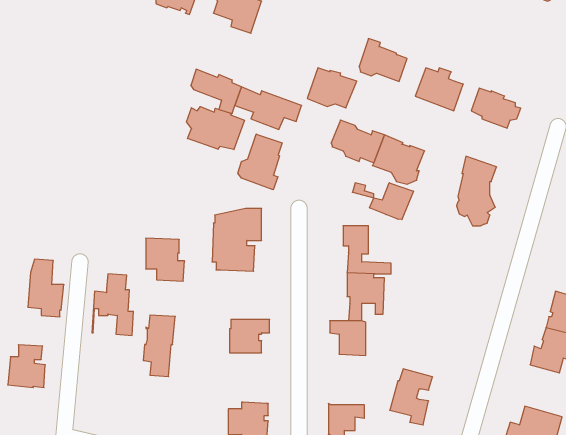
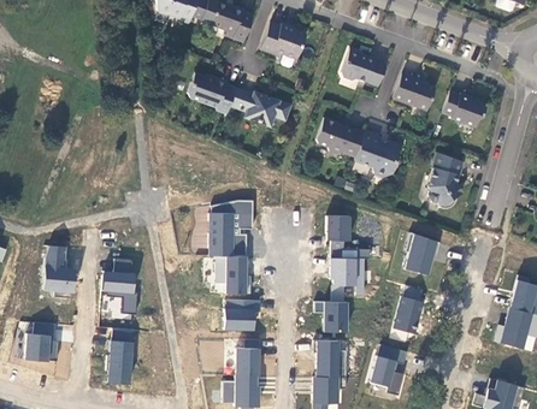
building: [307,68,357,108] -> [260,20,305,57]
building: [187,107,245,150] -> none
building: [238,134,282,190] -> none
building: [370,183,413,220] -> none
building: [146,238,185,281] -> [216,255,250,294]
building: none -> [403,232,439,274]
building: none -> [393,284,423,333]
building: [143,315,175,377] -> [106,328,135,384]
building: none -> [236,338,260,375]
building: none -> [313,340,347,377]

